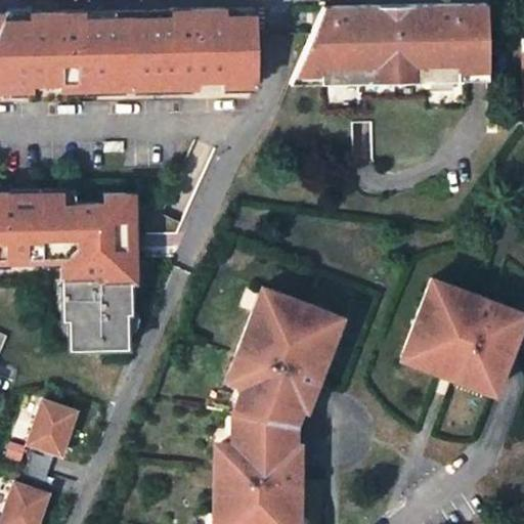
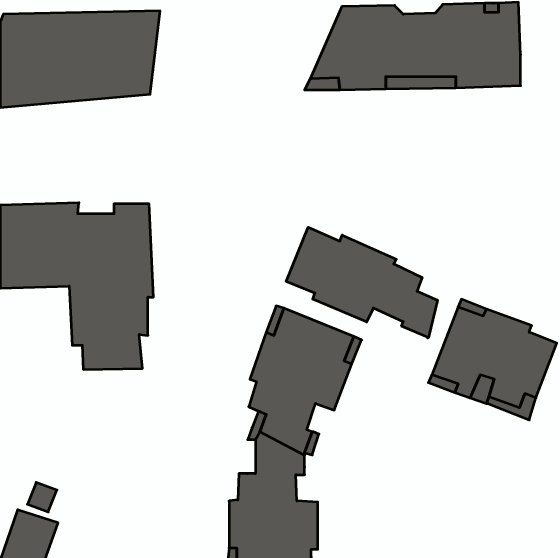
building: [140,9,264,92] -> none
building: none -> [286,227,437,338]
building: [27,395,83,456] -> none

